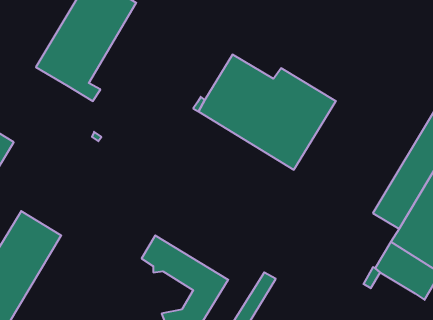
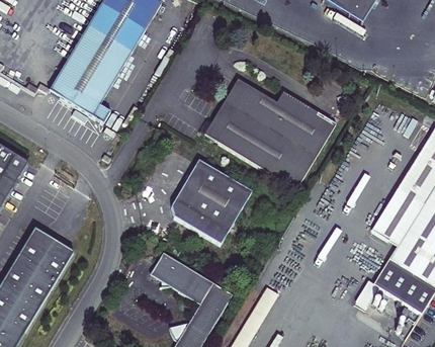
building: none -> [172,158,252,242]

